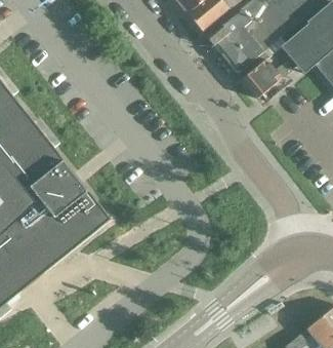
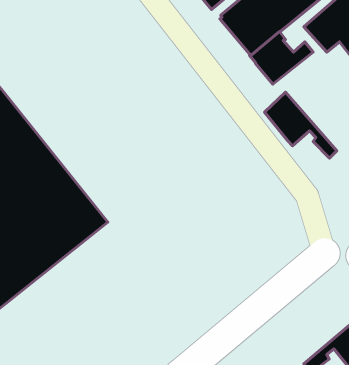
building: none -> [265,92,337,158]

